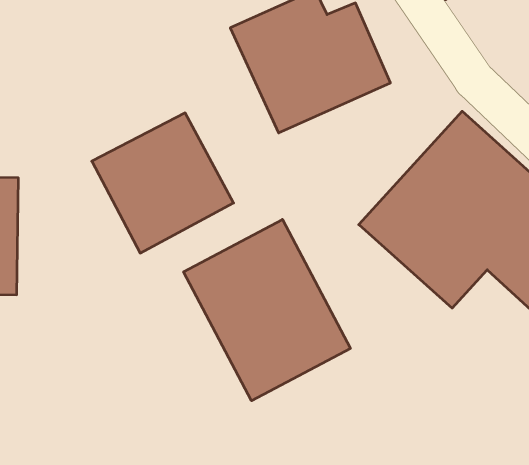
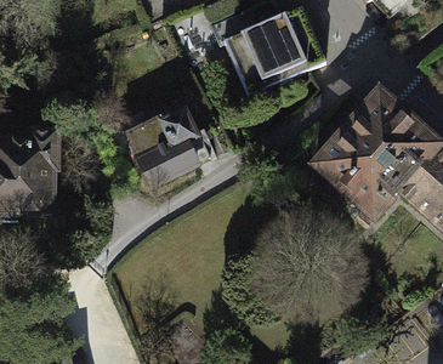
building: [184,219,350,401] -> none

